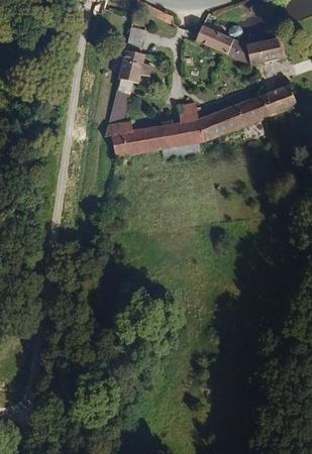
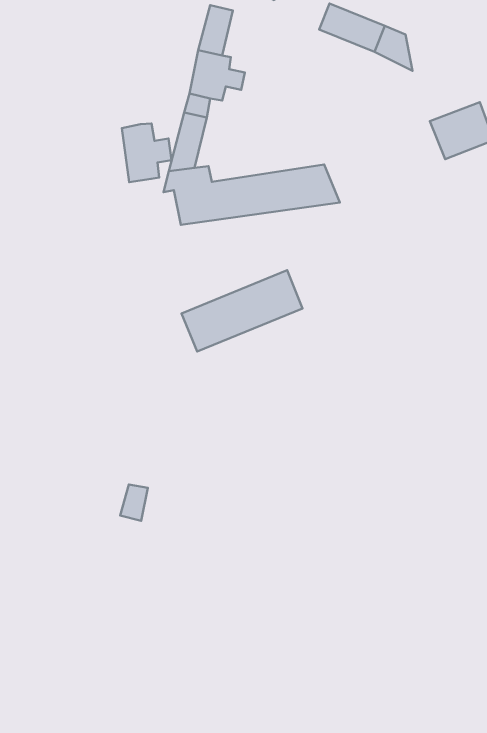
building: [245,34,284,64] -> none
building: [198,93,269,140] -> [182,270,303,352]
building: none -> [122,124,172,182]

